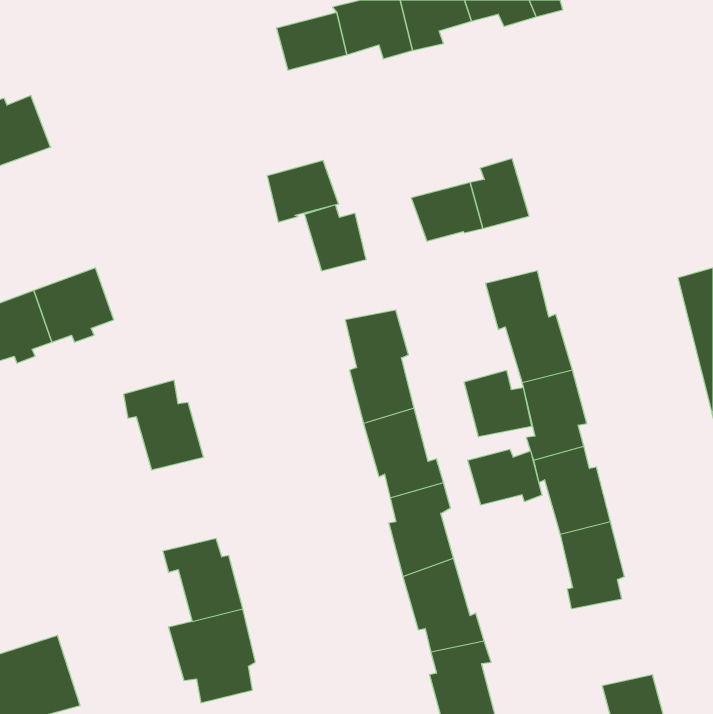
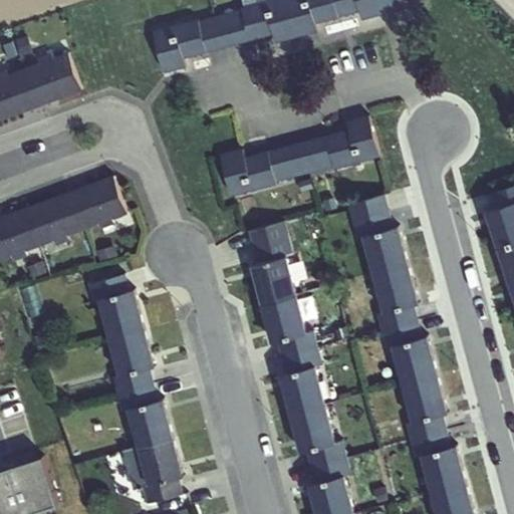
building: none -> [151,19,206,74]
building: none -> [22,54,80,107]
building: [267,160,339,222] -> [254,144,305,188]
building: none -> [68,178,125,231]
building: [464,370,531,437] -> none
building: [468,449,542,505] -> none
building: none -> [108,329,155,397]
building: none -> [409,431,467,493]

